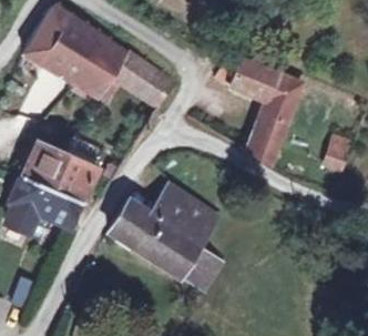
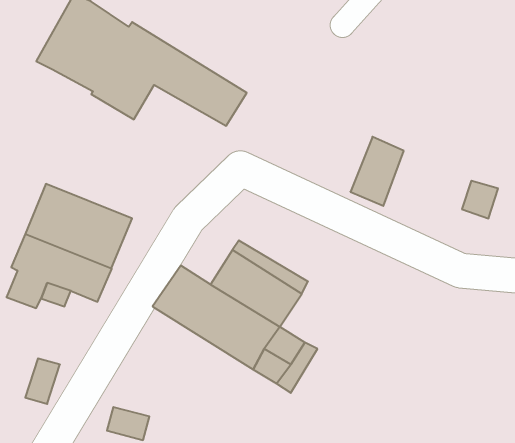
building: [231,55,301,120] -> none

